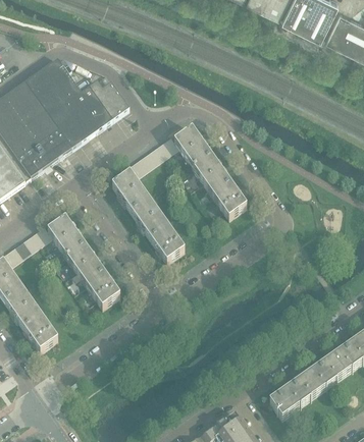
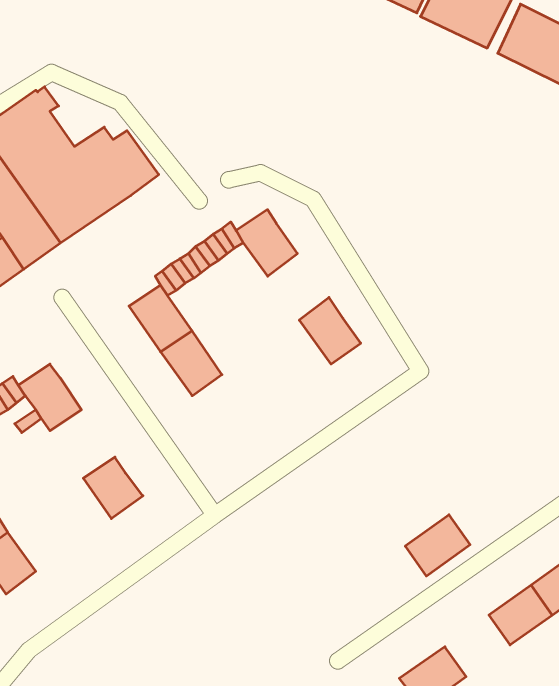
building: [193,155,228,194] -> none
building: [149,225,185,263] -> none
building: [66,245,104,285] -> none
building: [296,365,333,400] -> [405,515,470,576]

